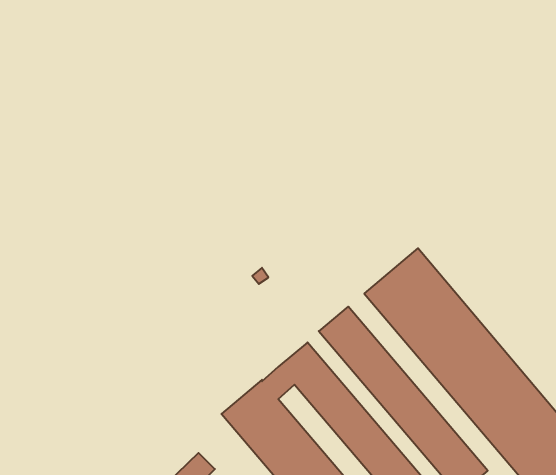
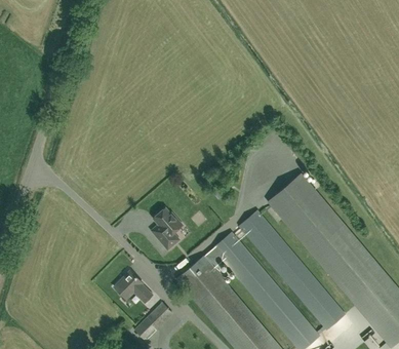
building: none -> [152,208,182,248]
building: none -> [114,271,152,303]

